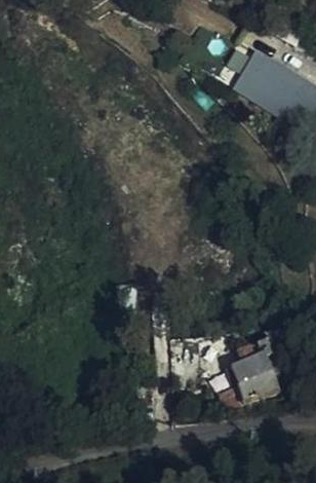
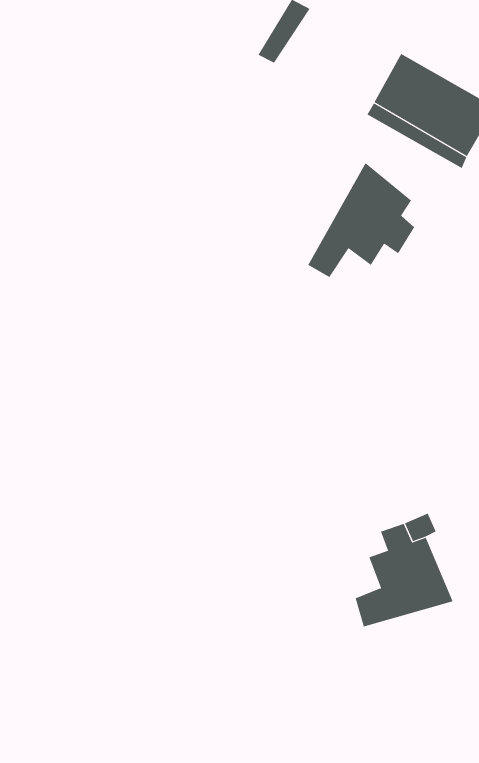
building: none -> [307,162,415,278]

